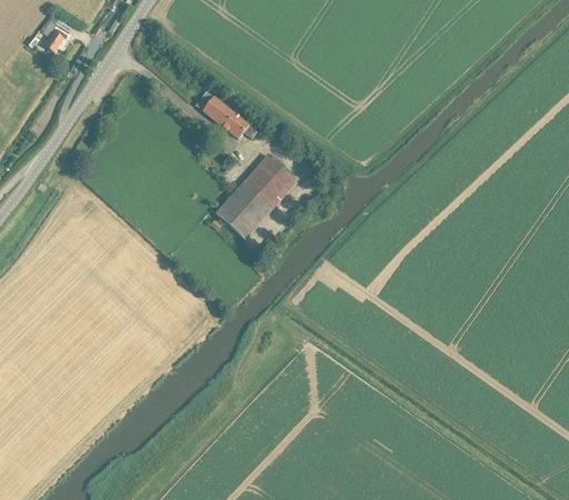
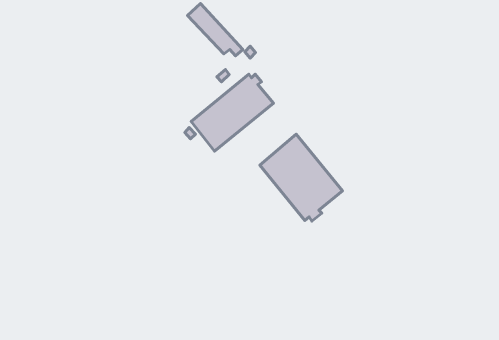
building: none -> [260,134,343,221]

